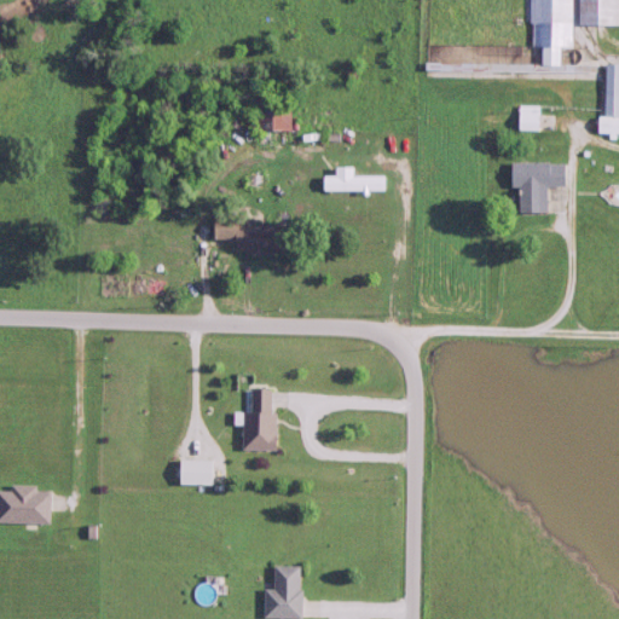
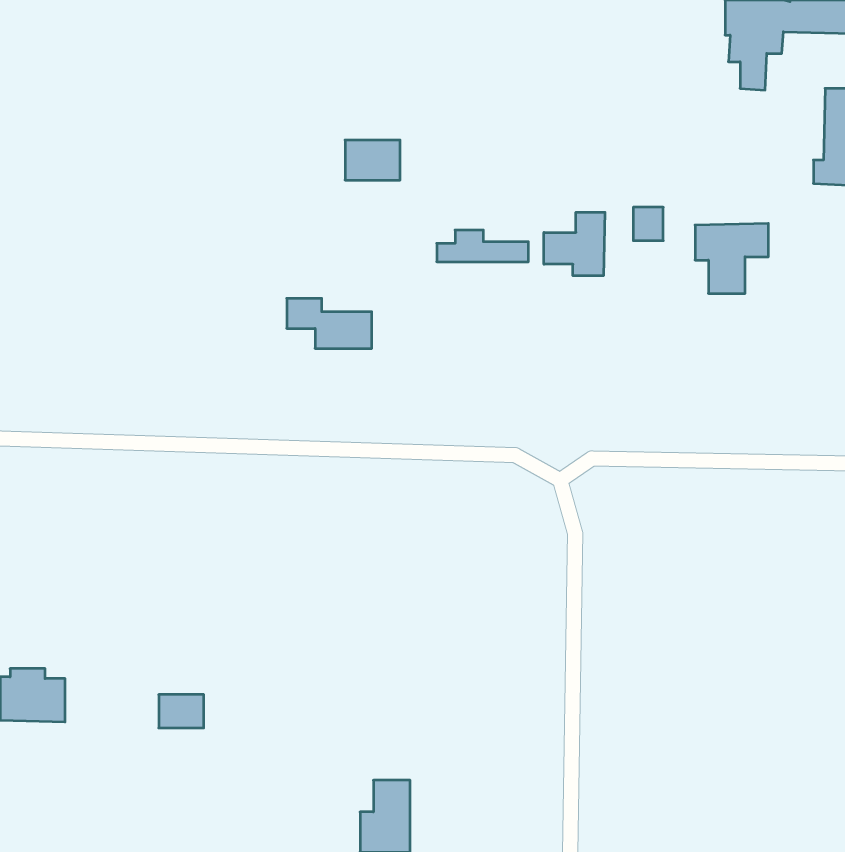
building: [517,106,539,131] -> [633,207,663,241]
building: none -> [544,212,605,276]
building: [243,389,274,451] -> none
building: [179,462,212,486] -> [159,695,204,728]

